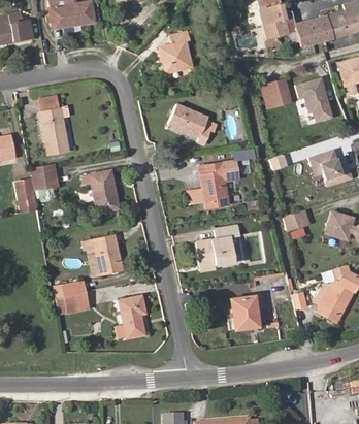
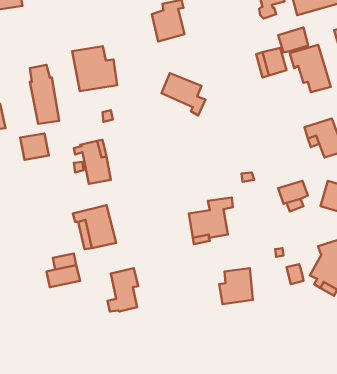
building: none -> [278,28,308,53]
building: none -> [72,46,117,91]
building: [196,160,238,208] -> none
building: [14,178,37,214] -> none

